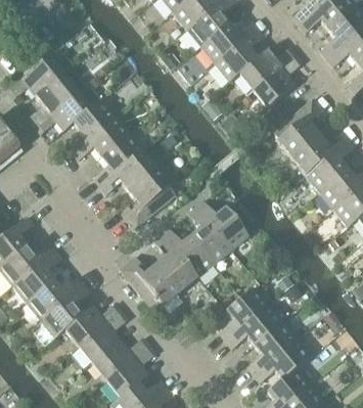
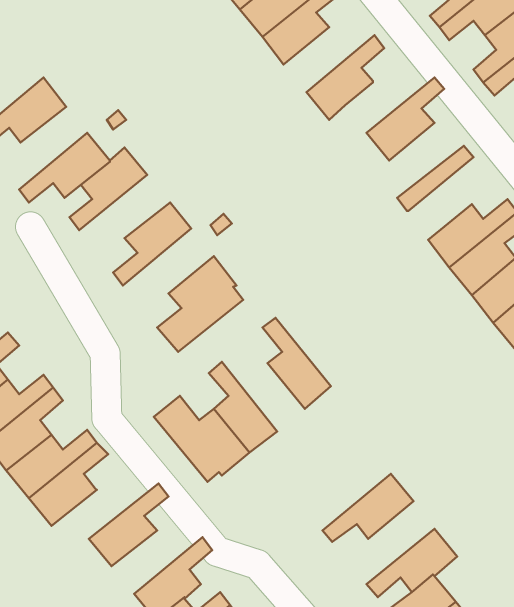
building: [201,20,259,64] -> none
building: [240,47,297,90] -> none
building: [29,74,78,126] -> none
building: [277,105,327,157] -> none
building: [73,117,130,160] -> none
building: [100,150,157,194] -> none
building: [196,200,248,250] -> none
building: [163,228,215,278] -> none
building: [220,287,269,341] -> none
building: [65,303,123,346] -> none
building: [247,322,297,374] -> none
building: [93,337,150,380] -> none

